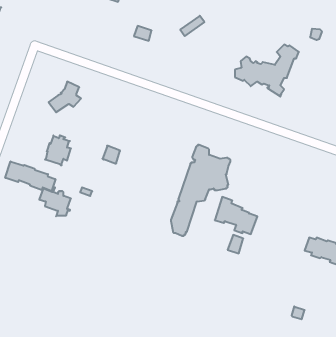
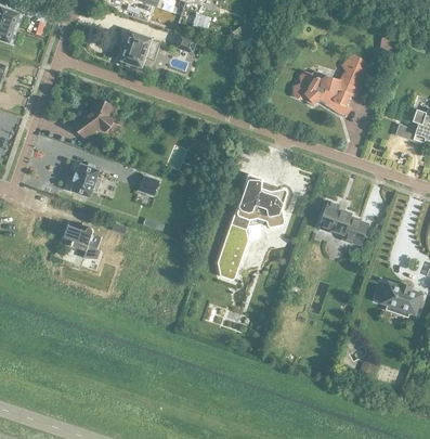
building: none -> [120,31,159,67]
building: [5,161,55,191] -> none
building: [215,197,257,234] -> [318,201,368,244]

